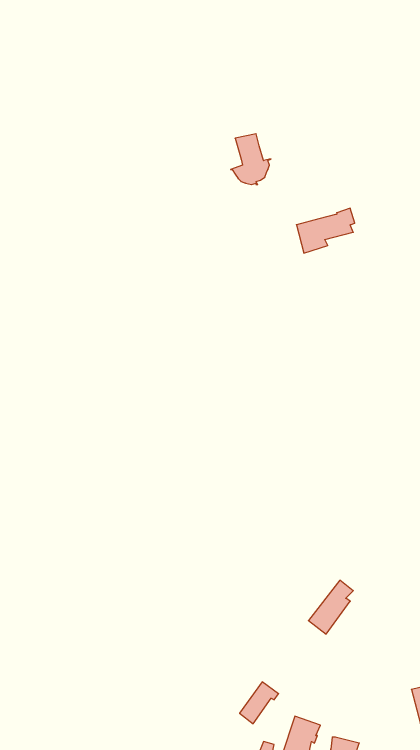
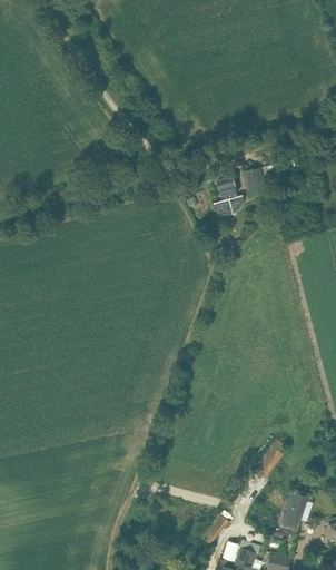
building: [231,134,271,185] -> [211,178,241,216]
building: none -> [280,491,310,532]

